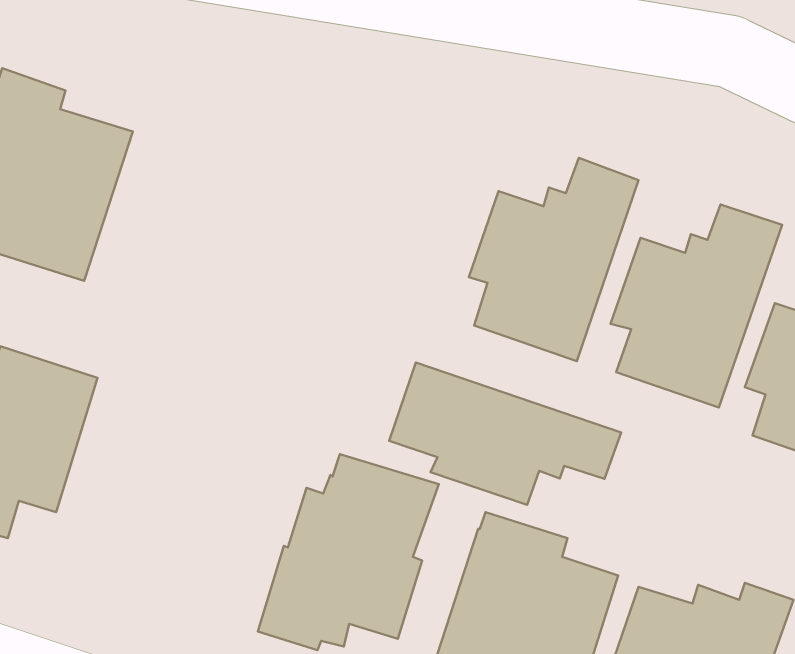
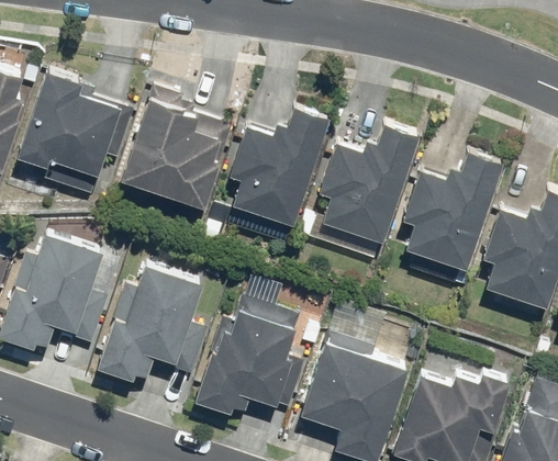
building: none -> [122,88,235,210]
building: none -> [230,108,331,226]
building: [389,363,621,505] -> none
building: none -> [98,267,202,382]

